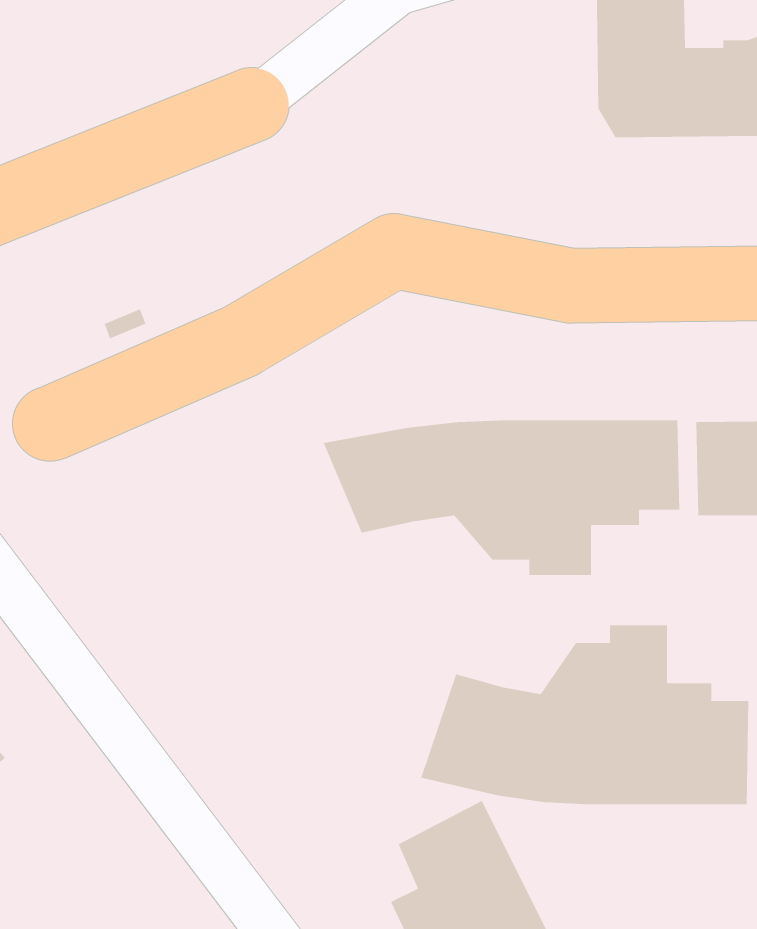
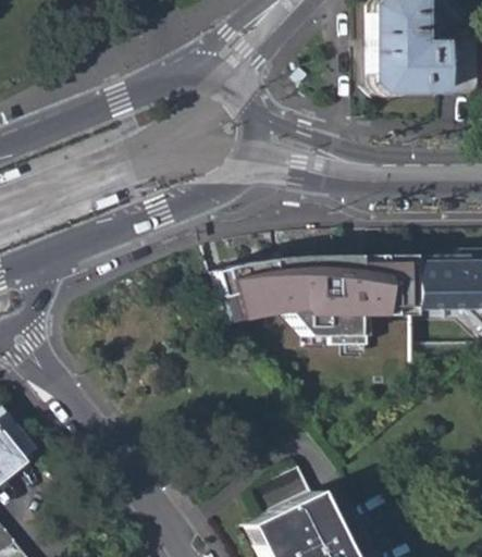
building: [421,624,749,805] -> none

